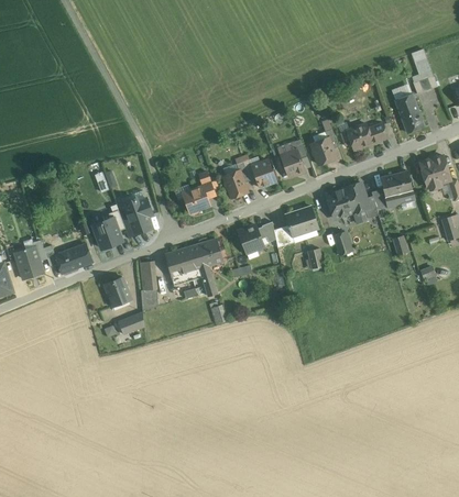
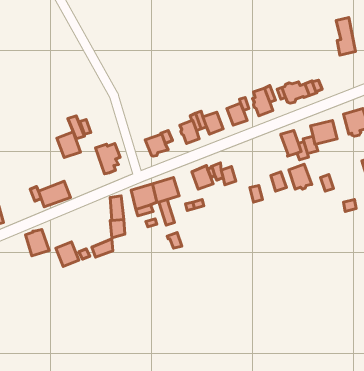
building: [394,95,424,133] -> none
building: [326,188,353,218] -> [289,164,312,189]
building: [285,207,318,236] -> none
building: [92,218,121,249] -> [57,132,81,158]
building: [14,247,43,279] -> [25,229,49,256]
building: [103,277,131,307] -> [56,242,79,267]

